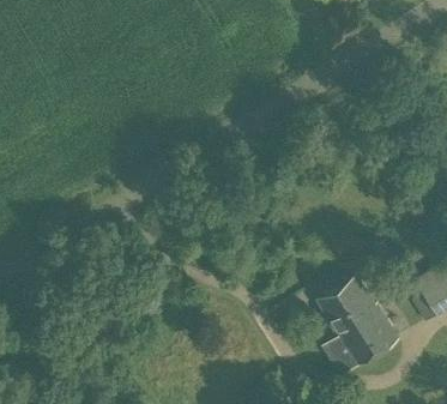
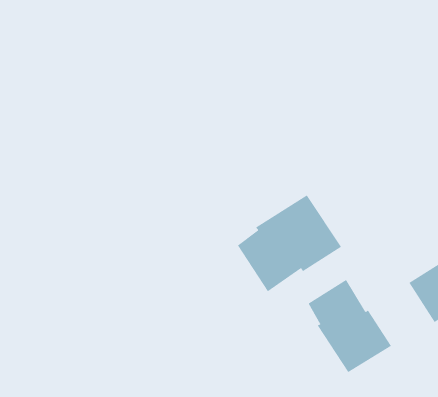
building: none -> [237,194,342,292]

